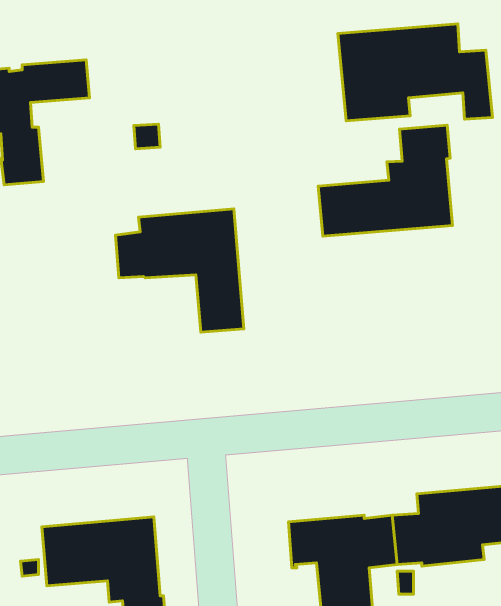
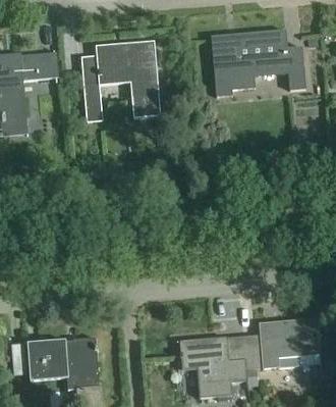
building: [318,125,452,236] -> none
building: [115,209,244,332] -> [80,41,160,117]

